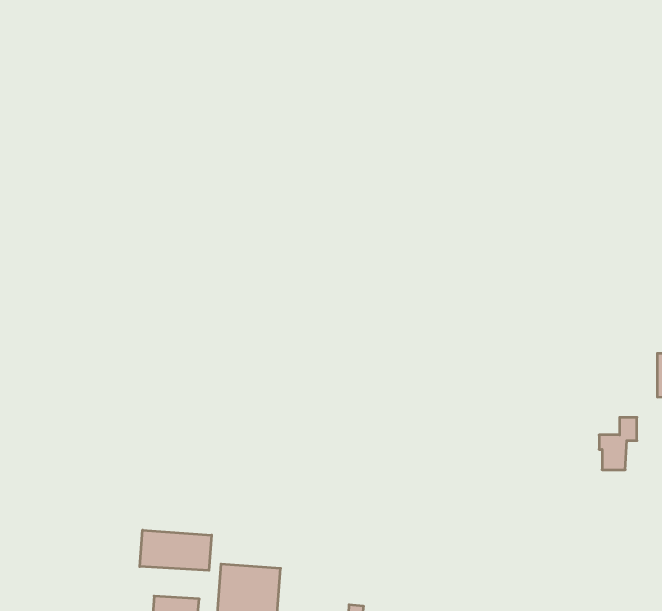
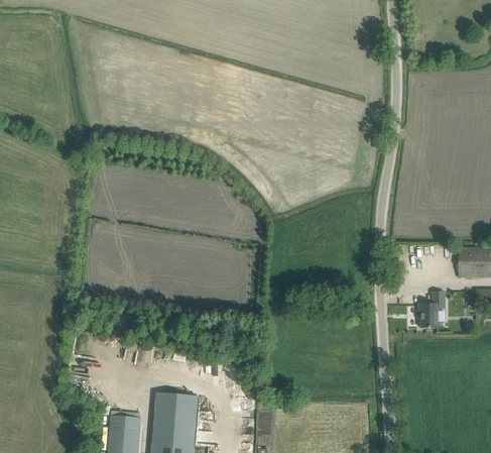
building: [140,530,212,570] -> none

